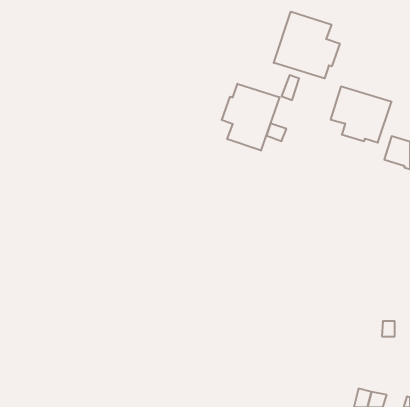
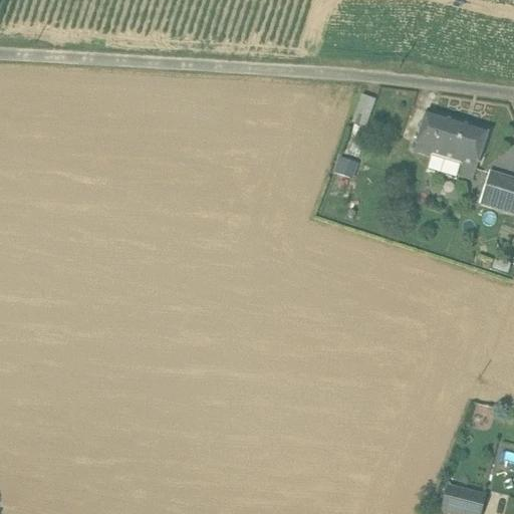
building: [274,12,340,78] -> none
building: [222,84,280,151] -> none

